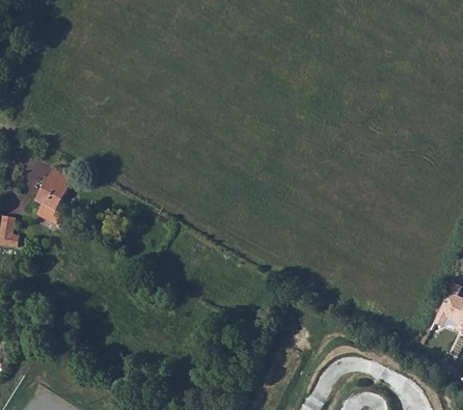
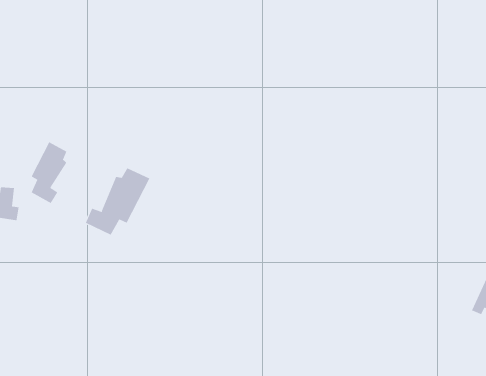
building: none -> [85,168,150,235]

